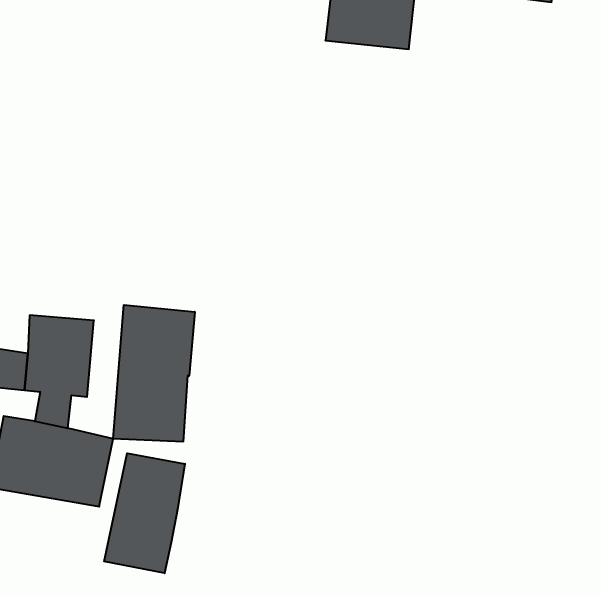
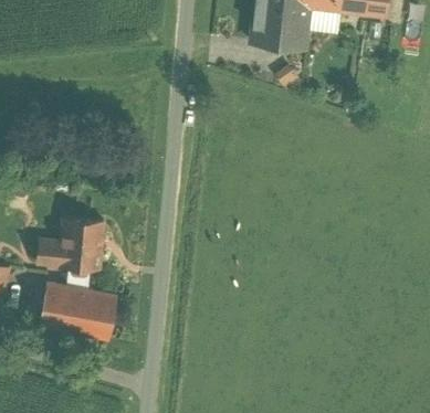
building: [113,305,195,442] -> none
building: [104,453,185,573] -> none

